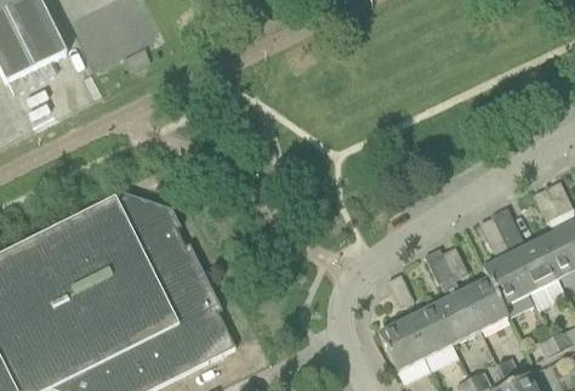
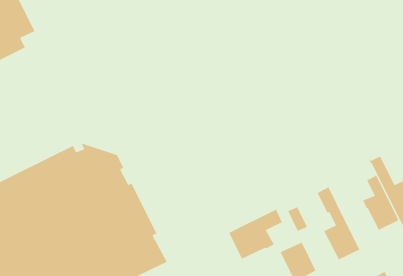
building: none -> [228,208,283,260]
building: [461,277,508,329] -> none
building: [406,305,452,356] -> none

